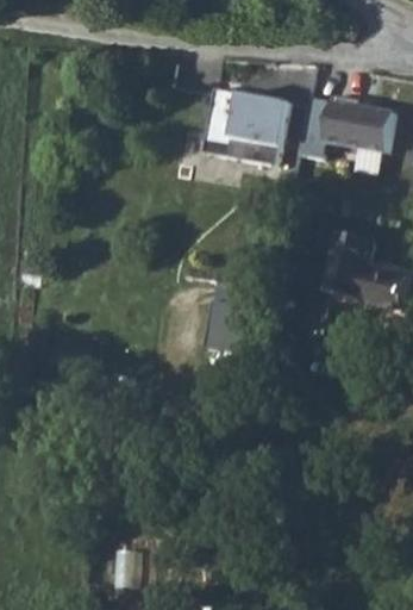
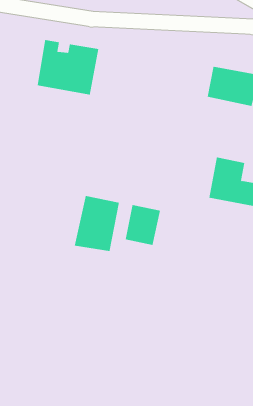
building: [204,88,290,166] -> [37,40,99,95]
building: none -> [74,195,120,252]

